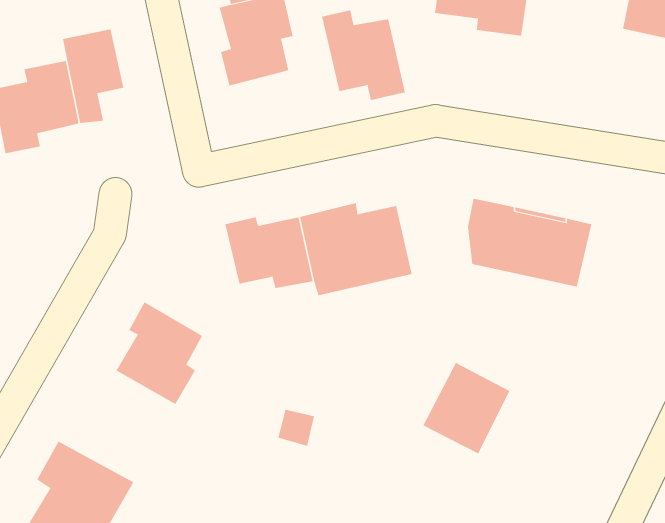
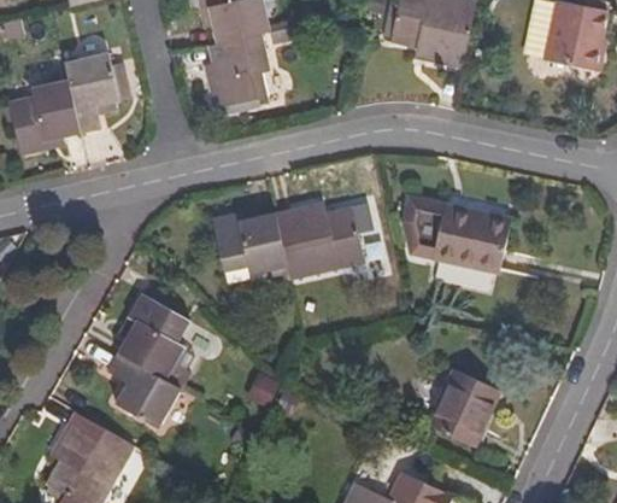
building: [321,9,406,101] -> none
building: [422,362,510,454] -> [427,369,500,446]
building: none -> [106,343,178,417]

